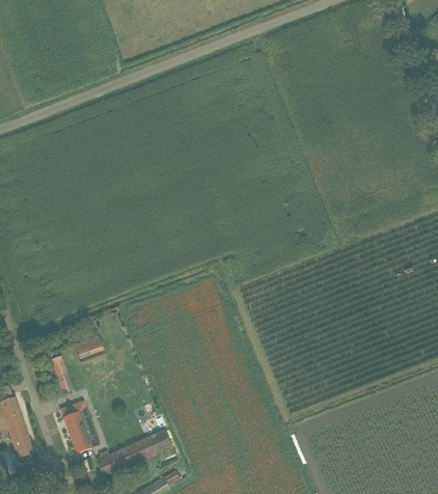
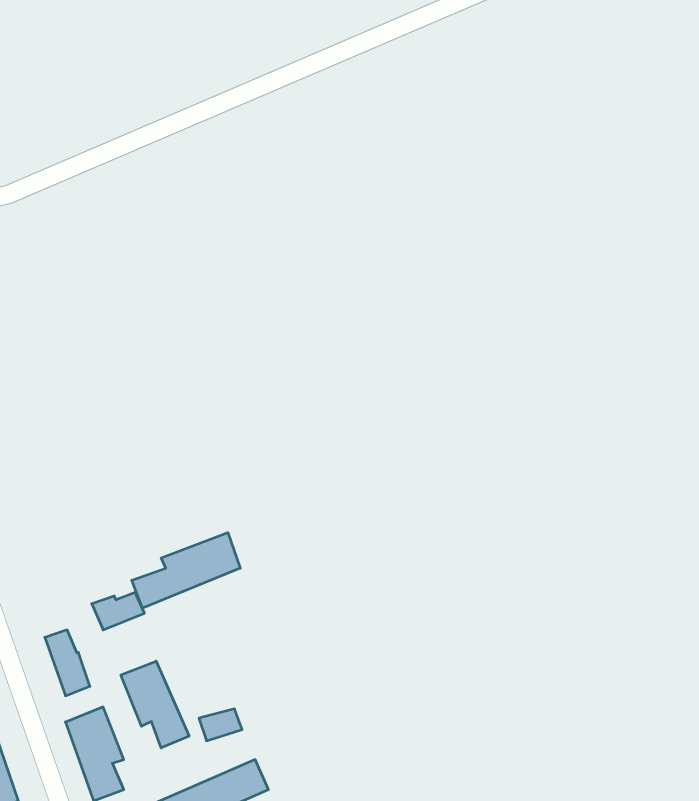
building: none -> [132,533,240,608]
building: none -> [121,661,189,748]

